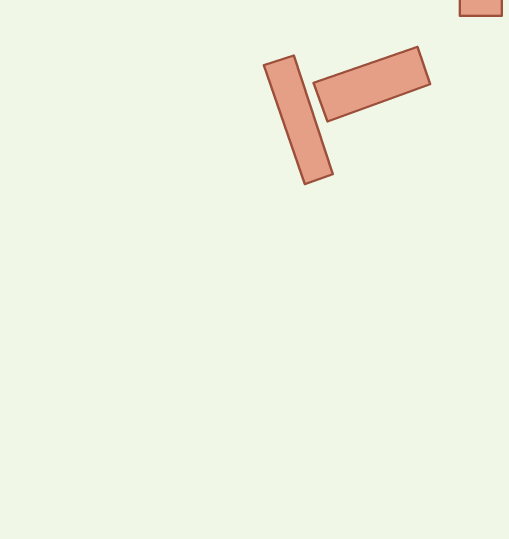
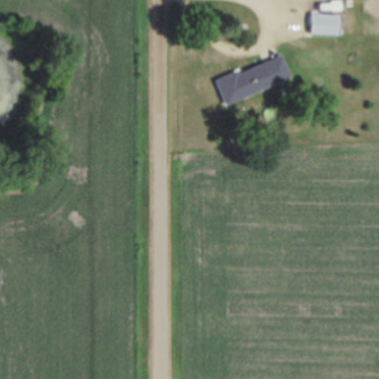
building: [264,56,333,184] -> none

